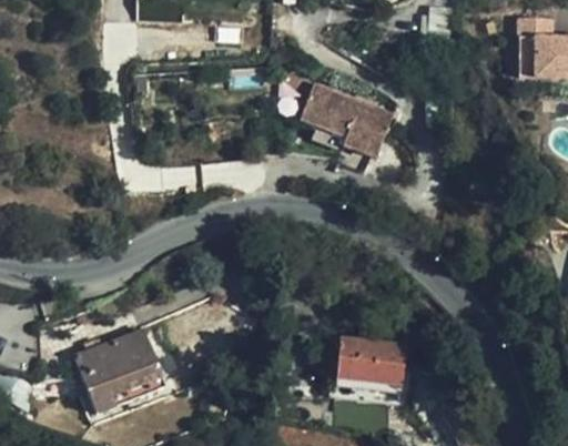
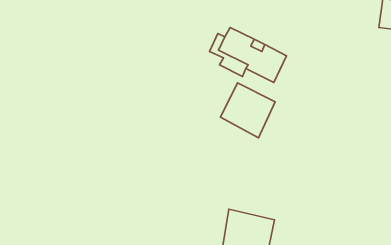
building: none -> [221,83,275,138]
building: [78,328,165,407] -> none

